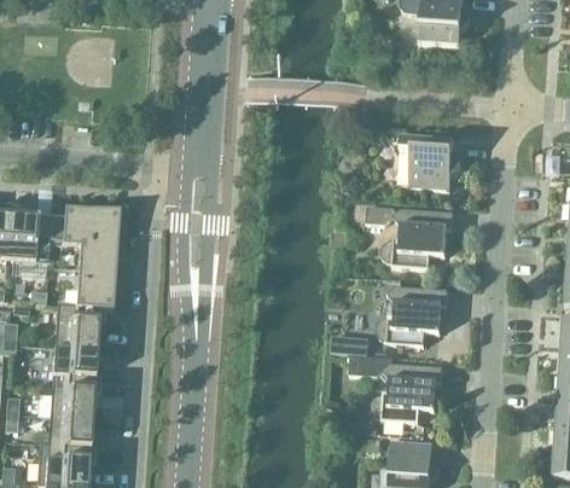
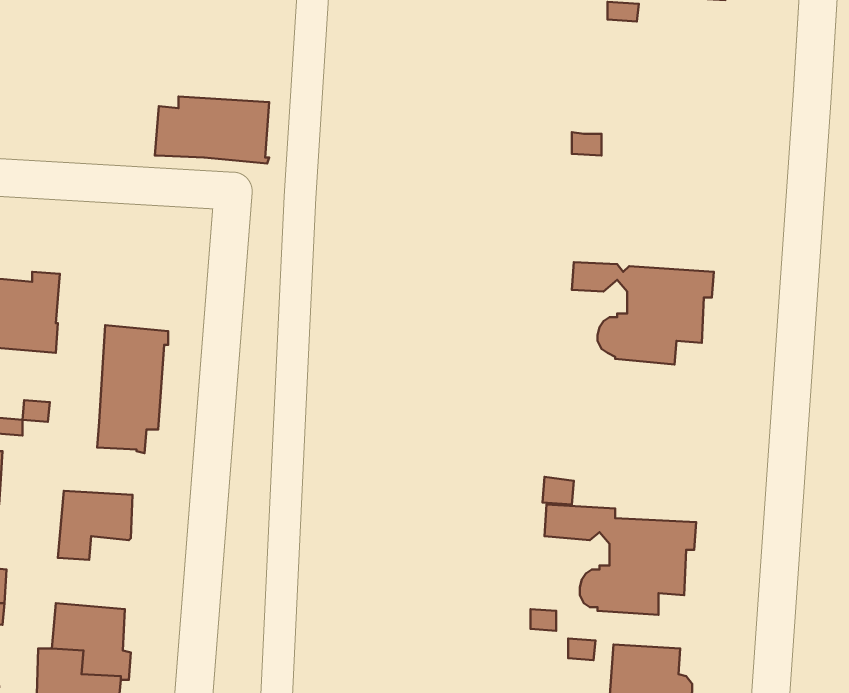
building: [400,135,461,190] -> none
building: [50,207,120,248] -> [155,96,269,163]
building: [376,285,448,344] -> none
building: [54,301,99,348] -> none
building: [37,373,100,418] -> none

